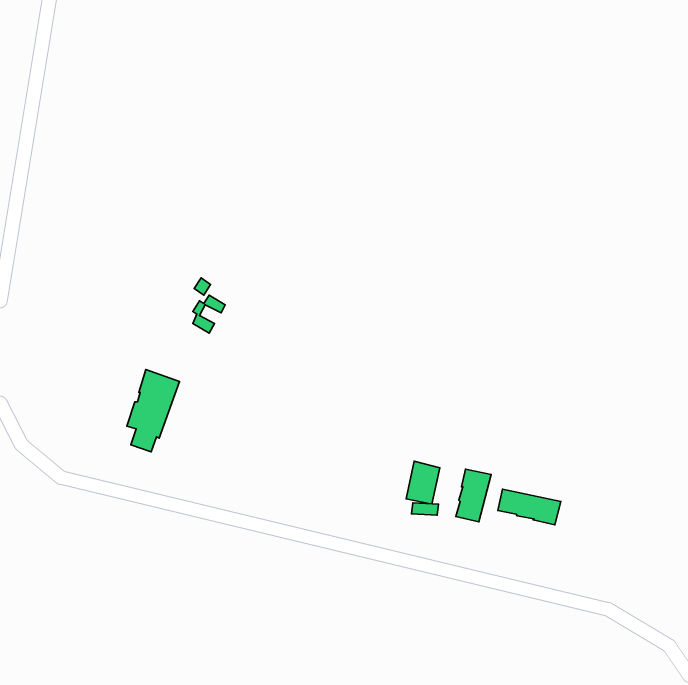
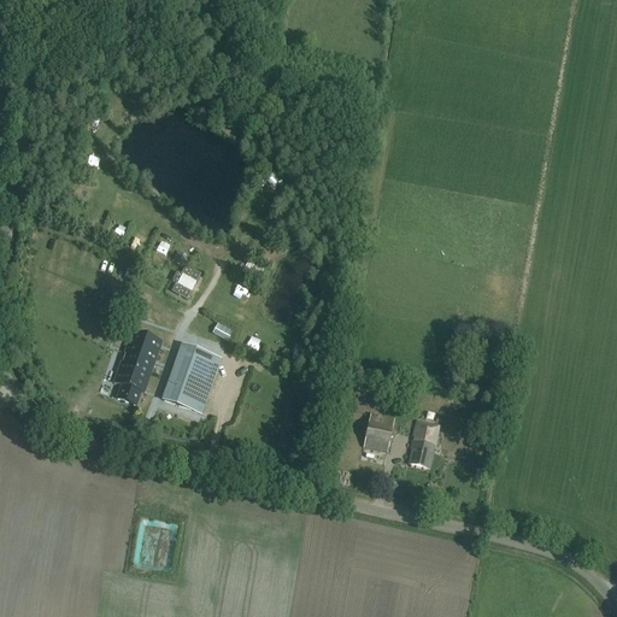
building: none -> [164,343,219,411]
building: [498,489,561,525] -> none

